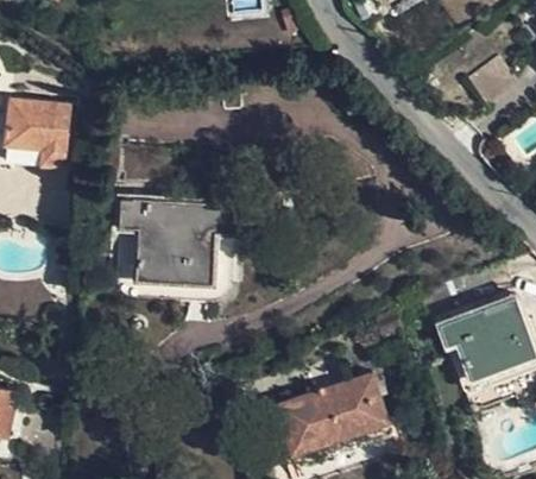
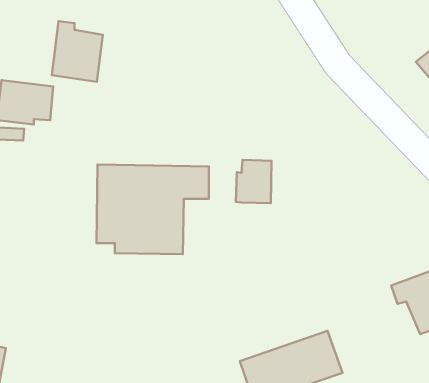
building: none -> [52,21,103,82]
building: none -> [236,160,272,203]

